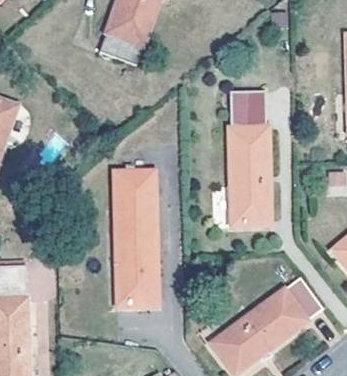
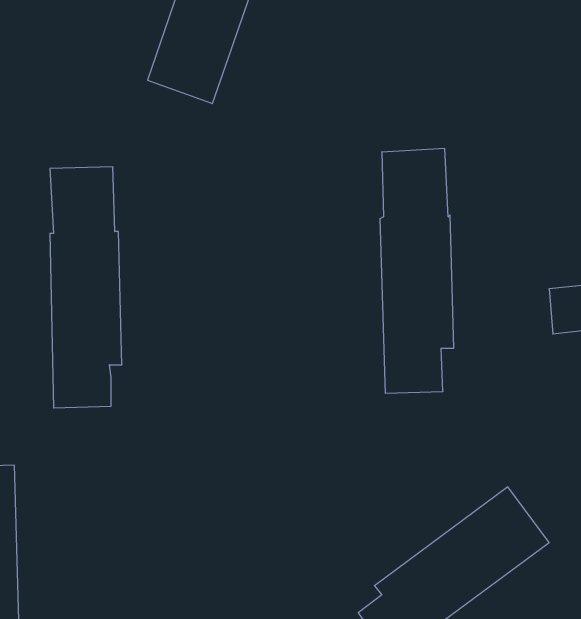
building: [116,172,156,306] -> [50,167,122,408]

